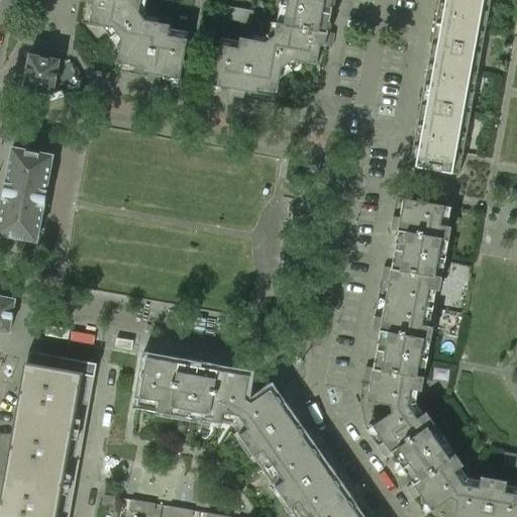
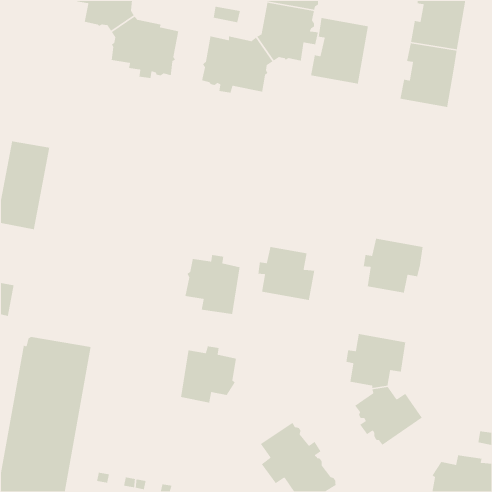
building: [21,55,59,94] -> none
building: [408,104,470,175] -> [310,17,369,84]
building: [390,198,450,258] -> none
building: [372,301,432,358] -> [257,246,315,301]
building: [138,353,197,417] -> [185,254,240,315]
building: [238,389,307,471] -> none
building: [401,438,462,511] -> none

